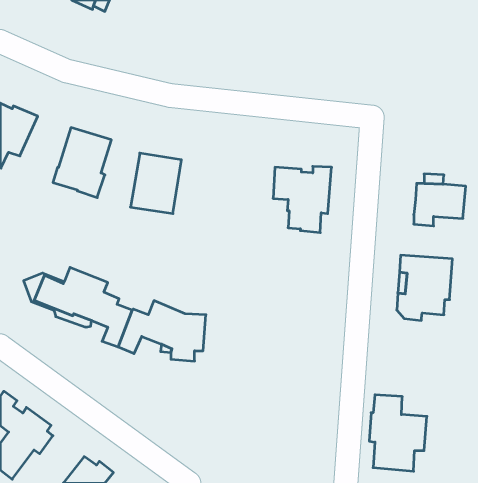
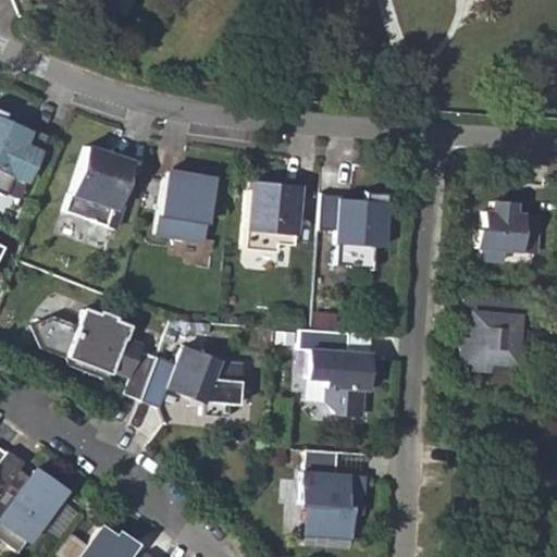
building: none -> [246,183,300,251]
building: none -> [300,329,375,414]
building: [369,395,427,471] -> [300,449,367,537]

